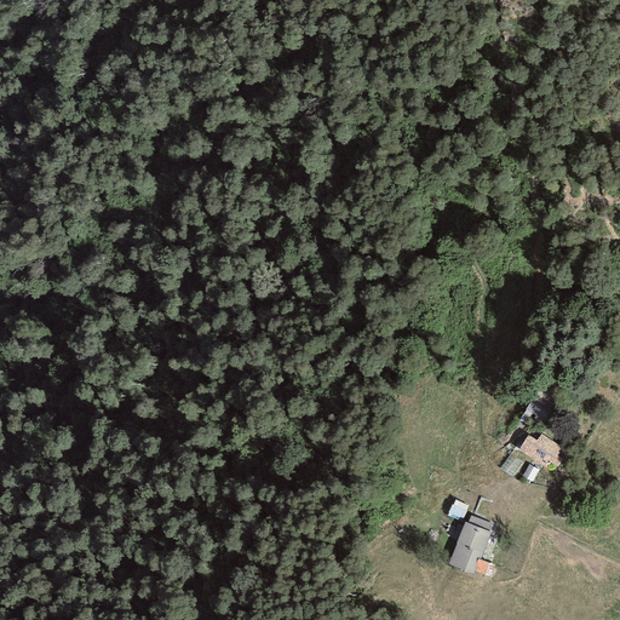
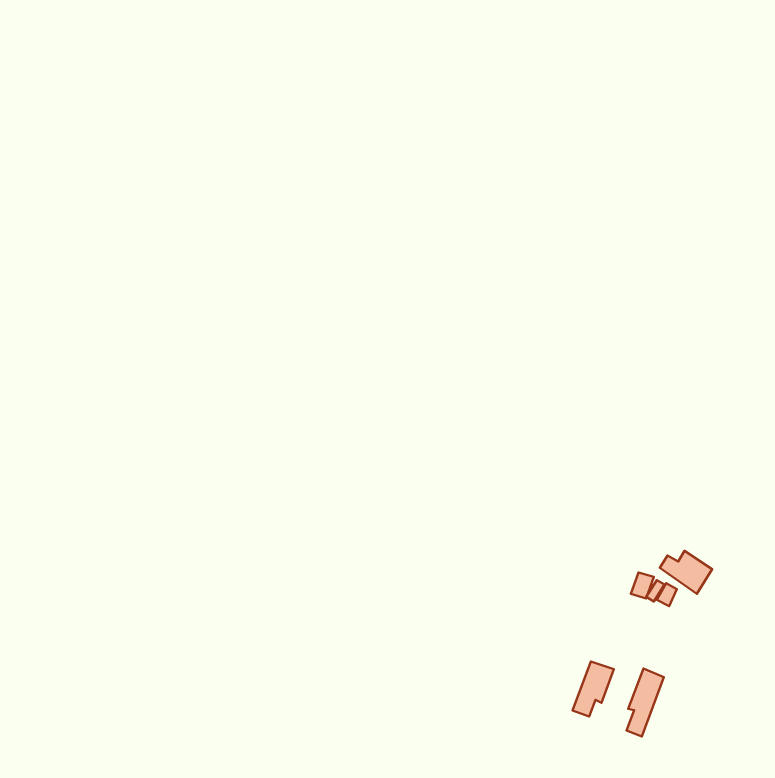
building: none -> [626,668,664,736]

